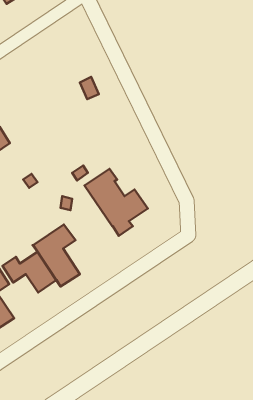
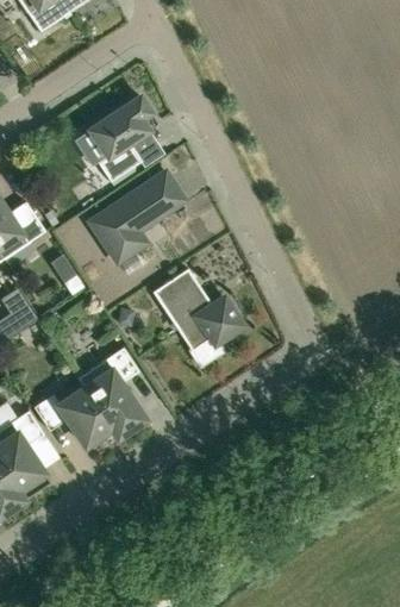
building: none -> [88,95,157,181]
building: none -> [90,171,182,261]

